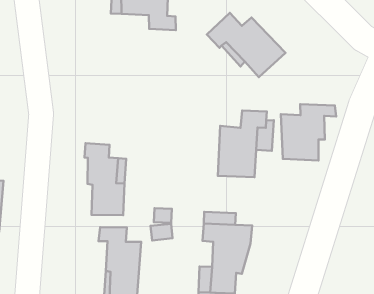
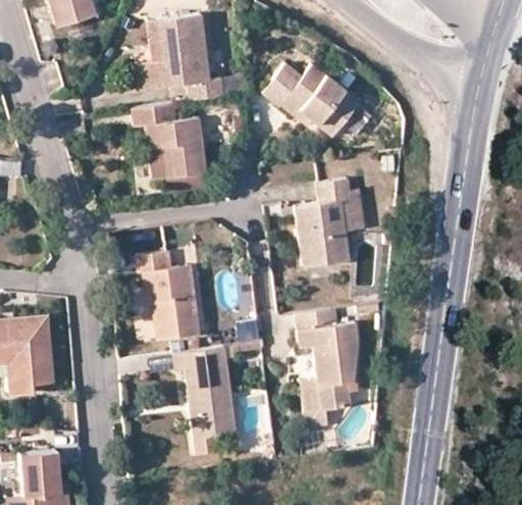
building: none -> [134,103,205,176]
building: [281,104,336,160] -> none

